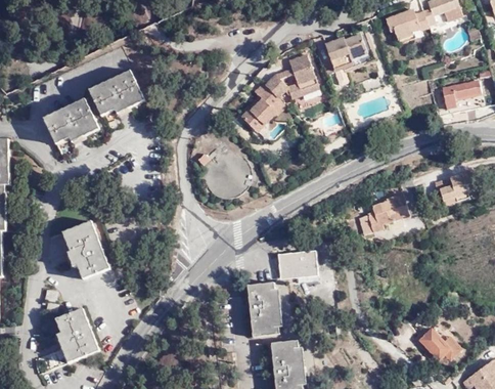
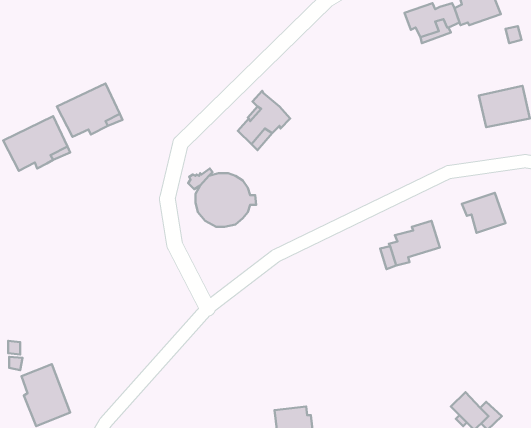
building: [323,28,372,82] -> none
building: [261,48,317,95] -> none
building: [64,221,109,277] -> none
building: [277,255,317,283] -> none
building: [246,286,281,340] -> none

